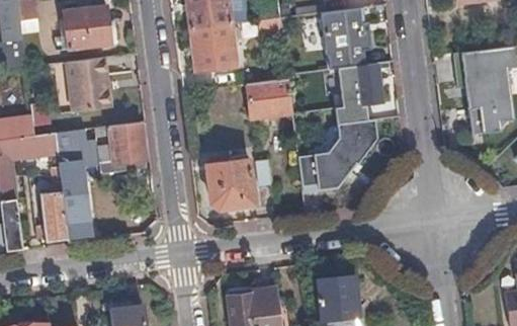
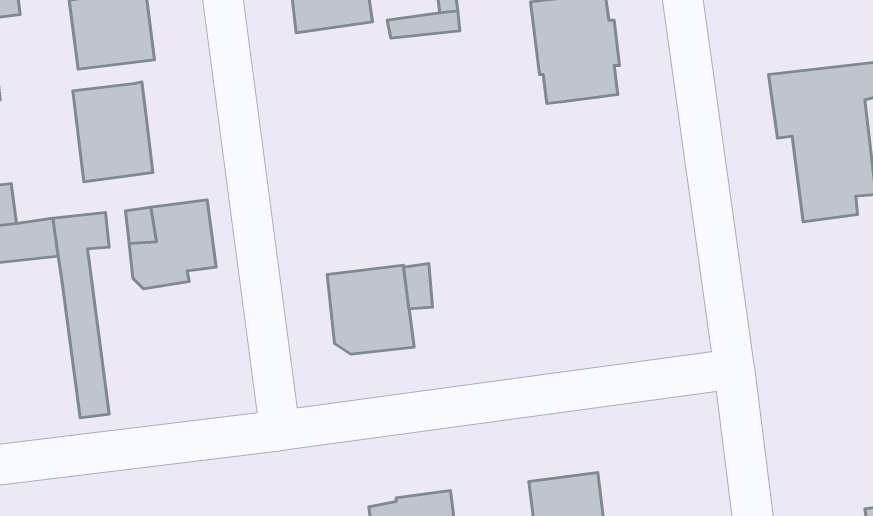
building: [189,23,237,72] -> none
building: [296,63,381,188] -> none
building: [246,79,291,119] -> none
building: [40,167,69,246] -> none

